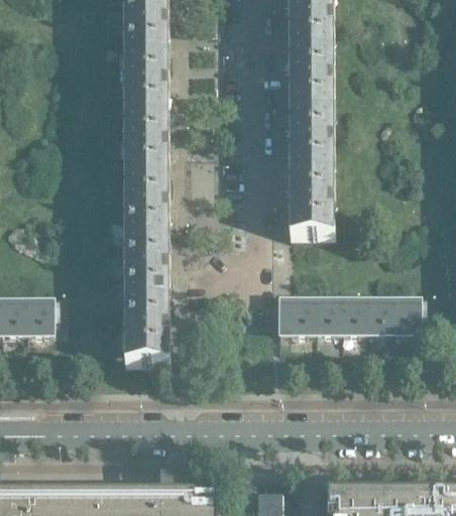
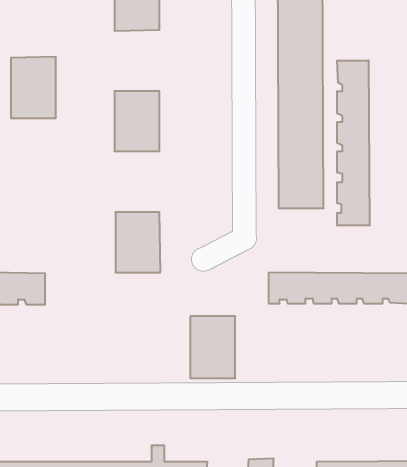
building: [124,59,169,121] -> [11,57,56,118]
building: none -> [337,60,370,226]
building: [124,181,169,243] -> none
building: [125,303,170,366] -> [190,316,235,378]

